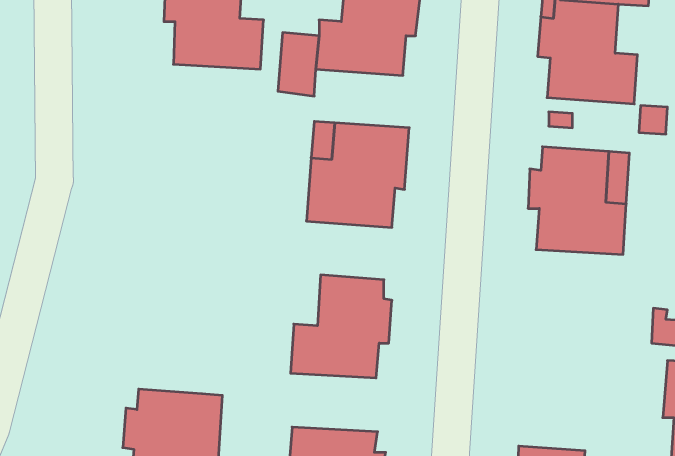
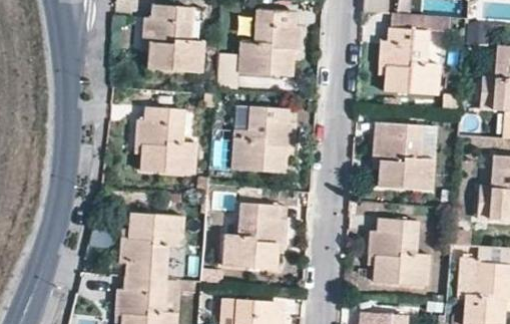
building: none -> [134,106,197,175]
building: none -> [118,212,182,278]
building: none -> [368,218,431,284]

